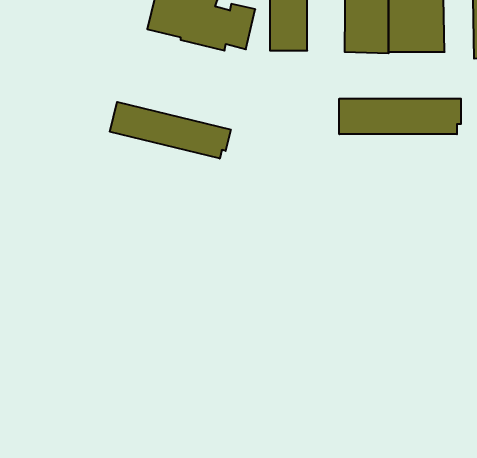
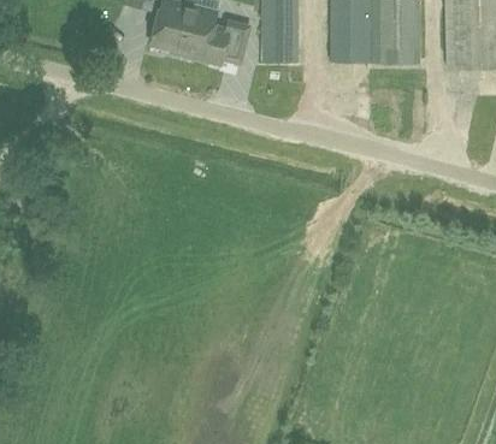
building: [339,99,461,134] -> none
building: [110,102,231,159] -> none

